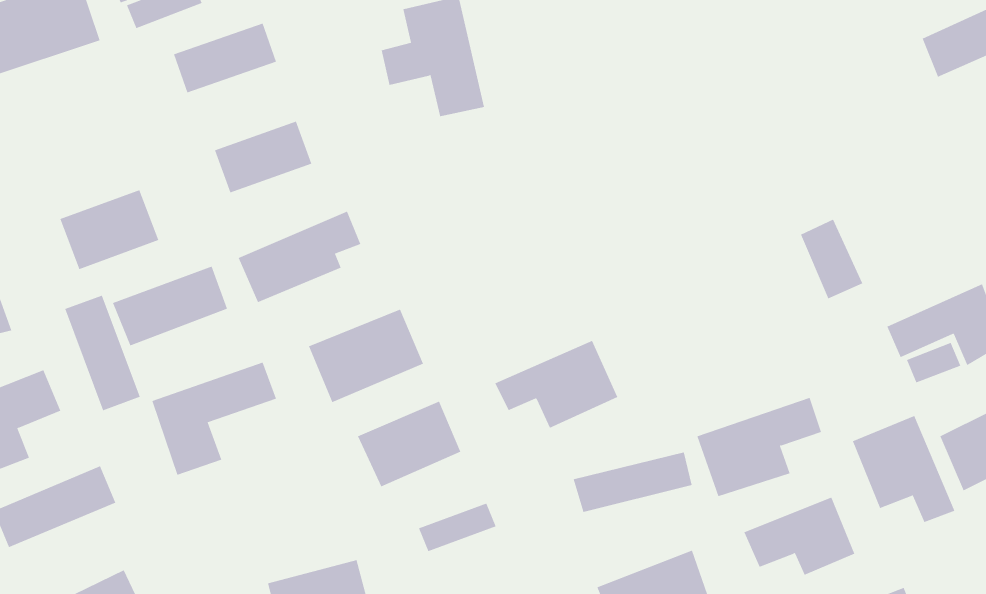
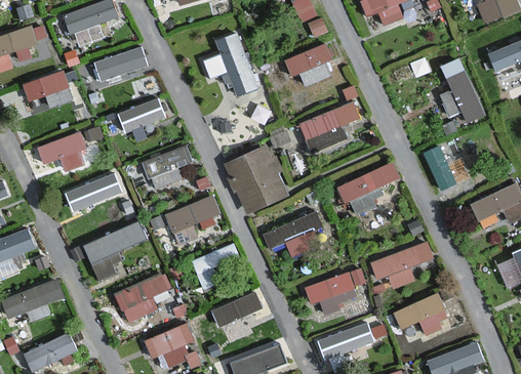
building: none -> [288,44,335,88]
building: none -> [438,57,483,123]
building: none -> [27,74,71,109]
building: none -> [298,99,362,153]
building: none -> [224,143,288,213]
building: none -> [336,161,399,218]
building: [65,295,140,411] -> none
building: [852,415,955,523] -> none
building: none -> [115,274,172,323]

